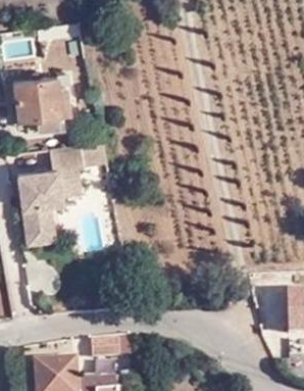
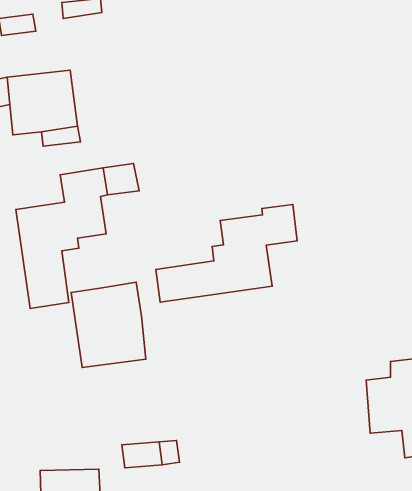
building: none -> [156,204,297,302]
building: none -> [71,282,146,367]

